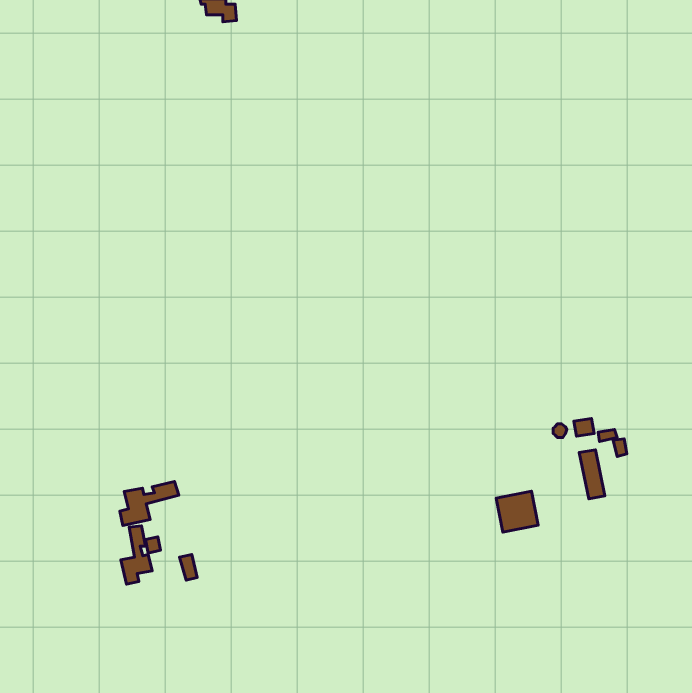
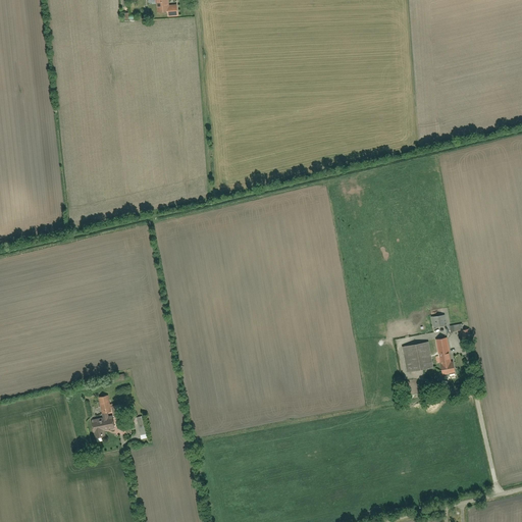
building: [120,481,179,525] -> none
building: [496,491,538,532] -> [401,342,432,372]

